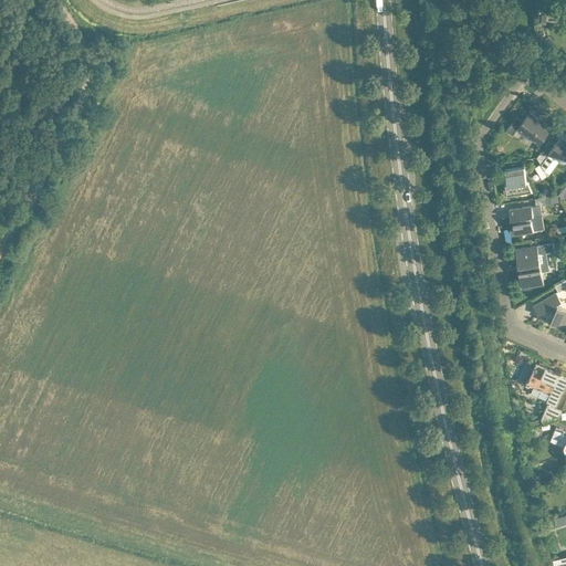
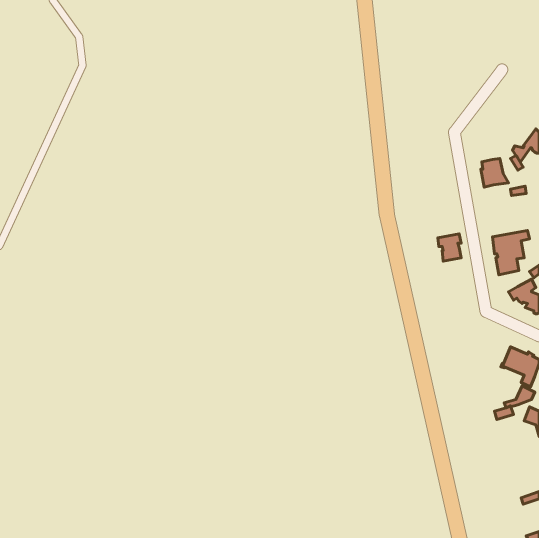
building: [505,114,549,145] -> none
building: [509,207,533,235] -> [438,234,461,261]

